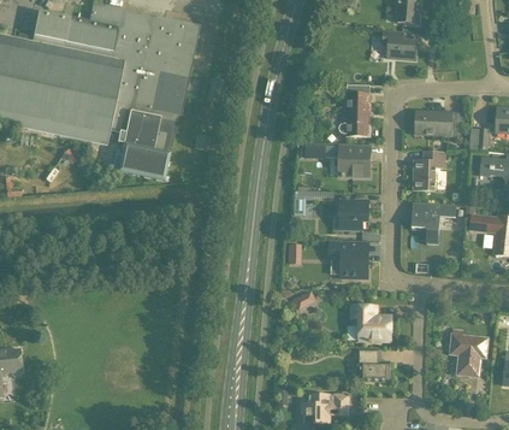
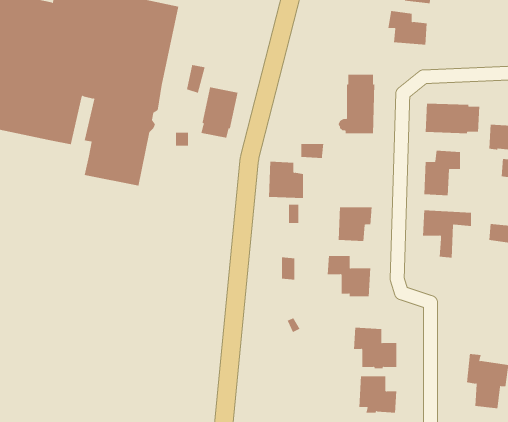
building: none -> [201,87,238,138]
building: [338,145,369,177] -> [268,161,304,199]

